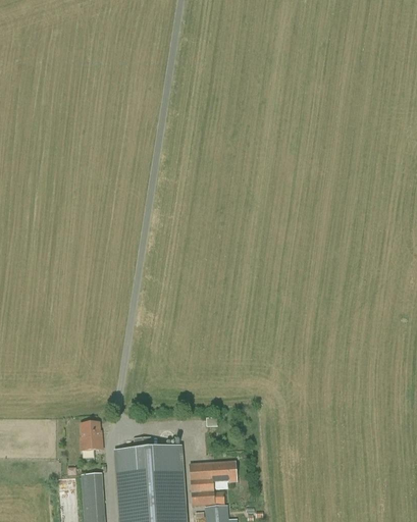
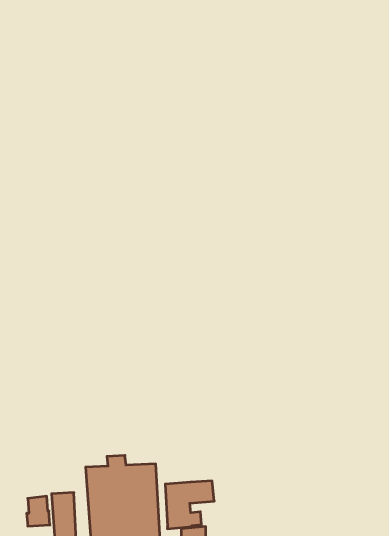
building: [82,421,104,450] -> [27,496,50,526]

